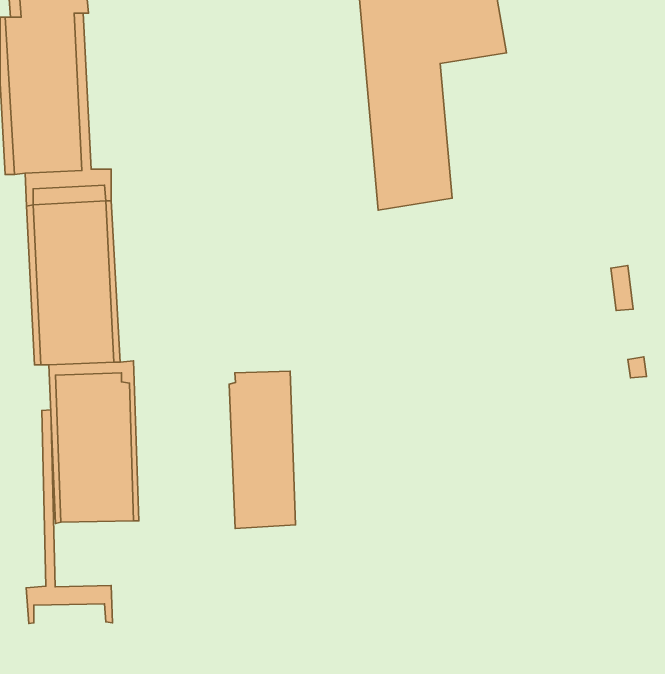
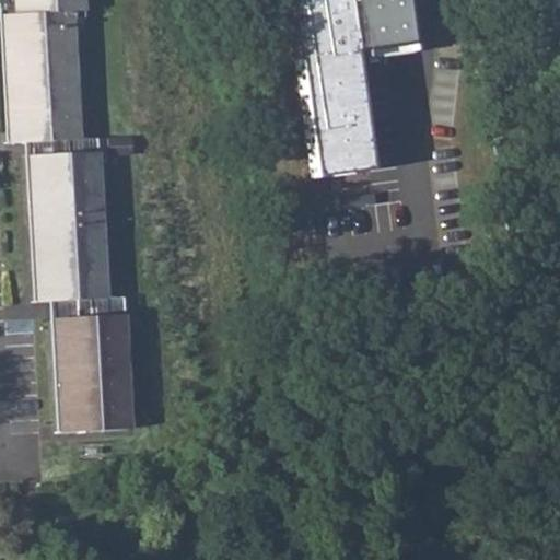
building: [229,371,296,528] -> none
building: [26,410,112,623] -> none

